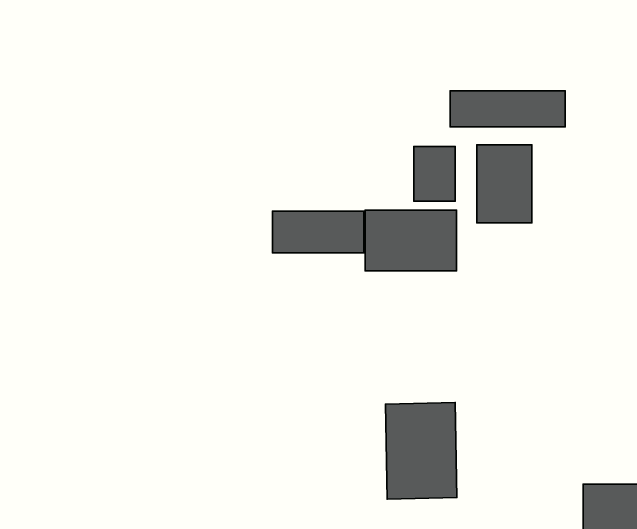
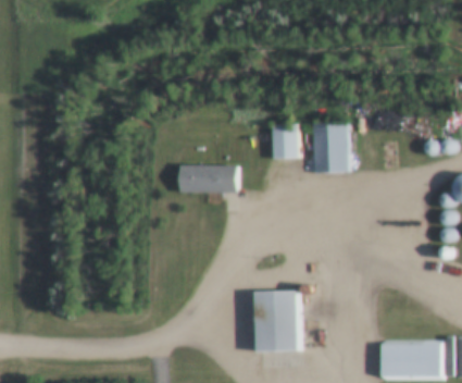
building: [450,91,565,127] -> none
building: [365,210,457,271] -> none

